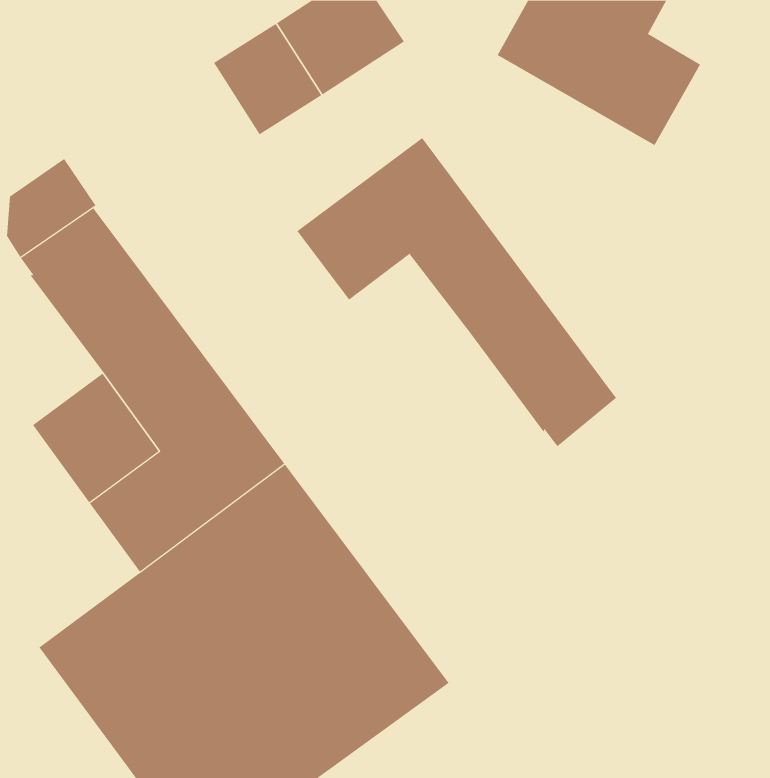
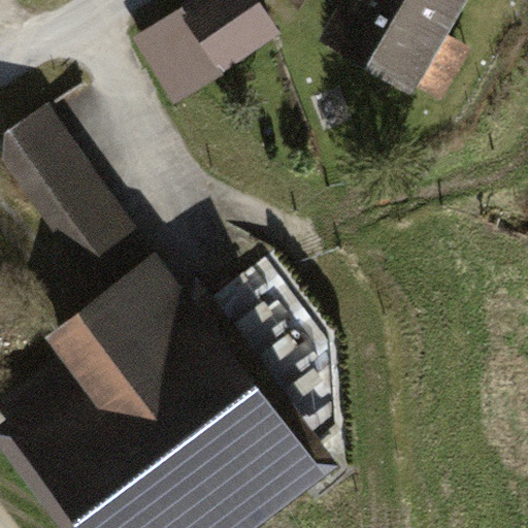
building: [297,137,617,447] -> none

